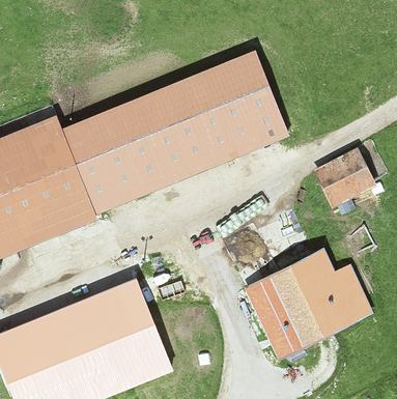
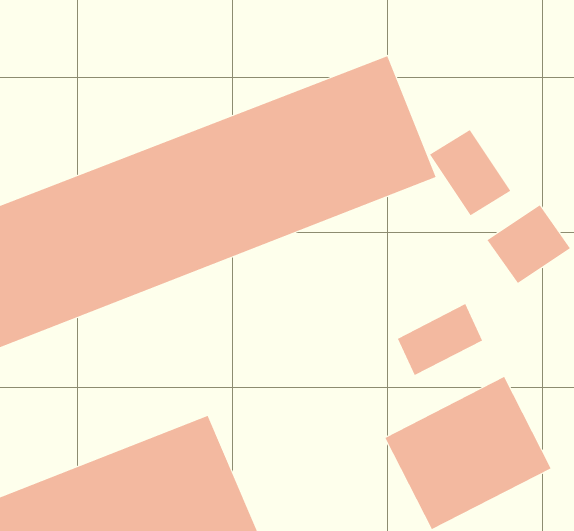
building: none -> [429,129,511,216]
building: none -> [397,303,483,376]

